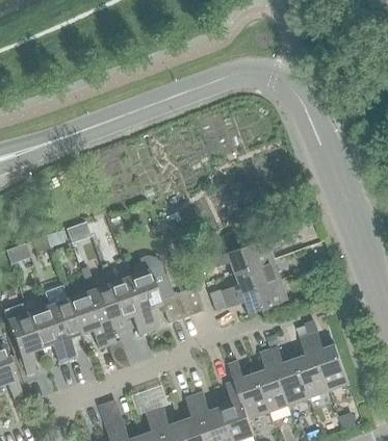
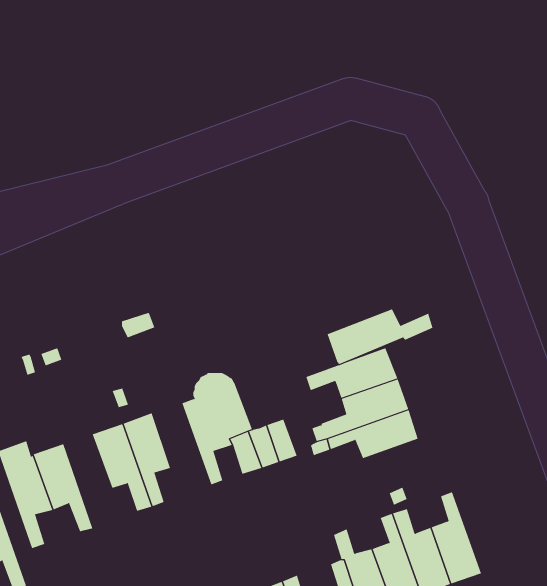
building: none -> [327,308,433,365]
building: [106,276,146,334] -> none
building: [47,296,79,360] -> none
building: [308,332,348,390] -> none

